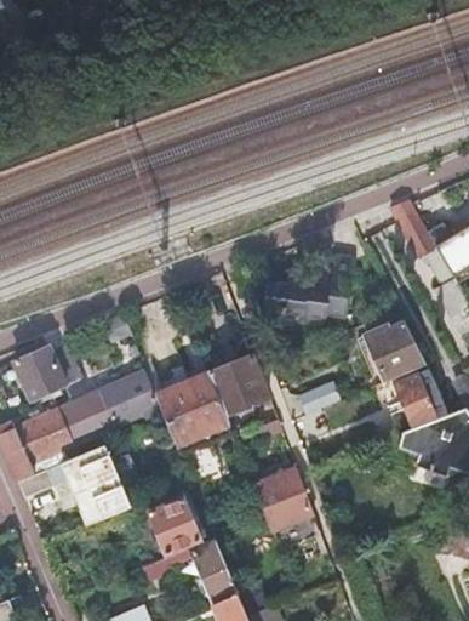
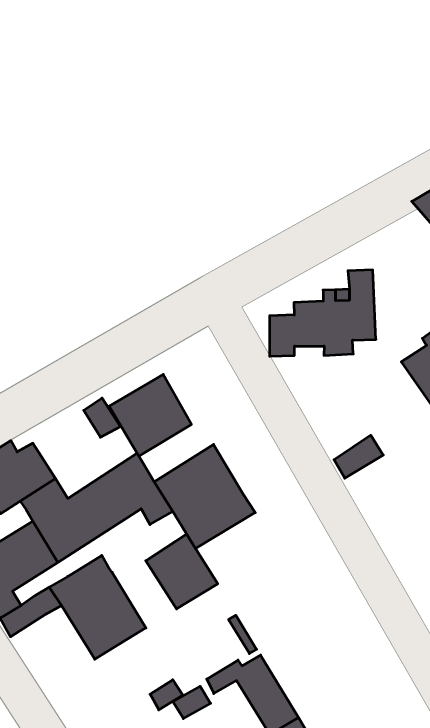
building: [205,354,267,415] -> [109,374,191,456]
building: [251,467,313,529] -> none
building: [148,495,201,552] -> [146,534,218,609]

